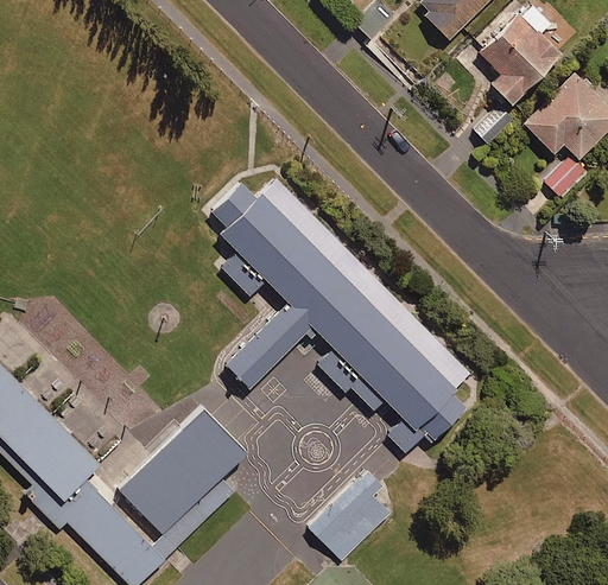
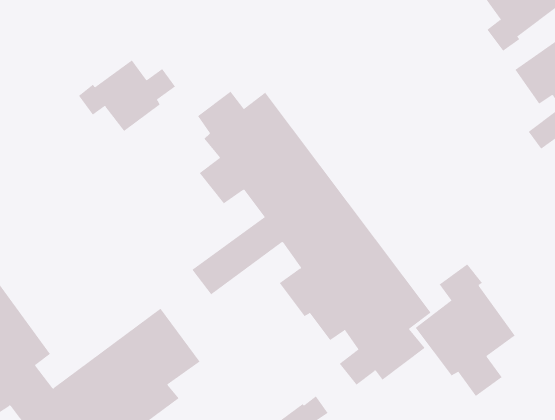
building: none -> [78,59,176,132]
building: none -> [415,264,516,397]

